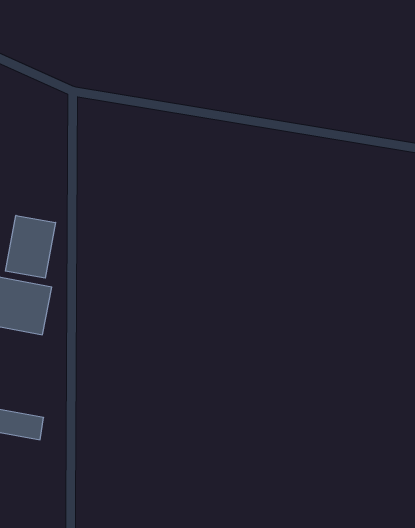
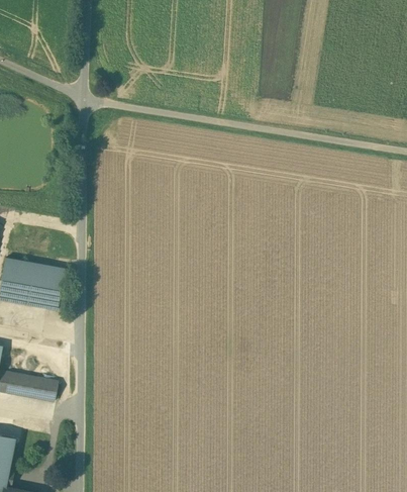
building: [5,215,56,278] -> none

